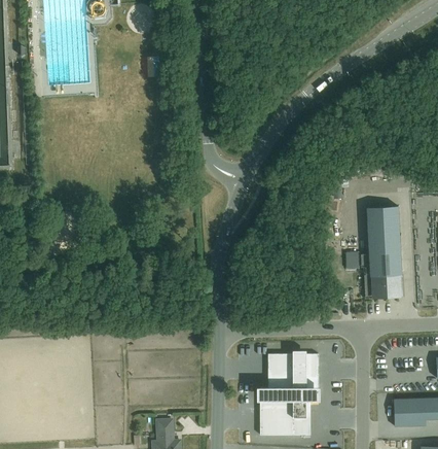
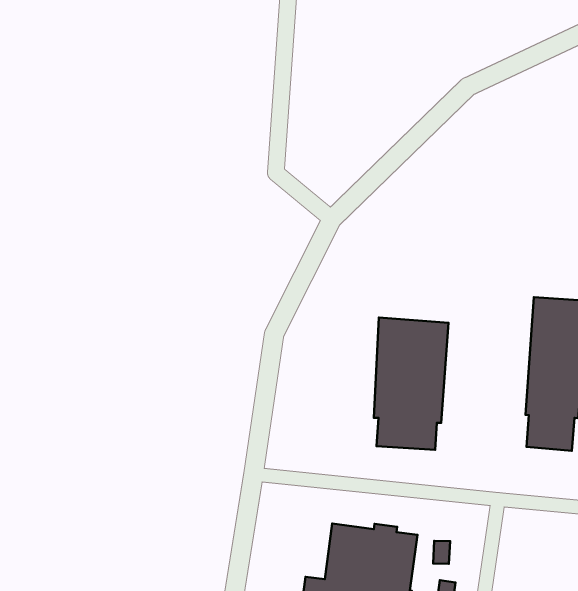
building: none -> [374,318,449,450]

